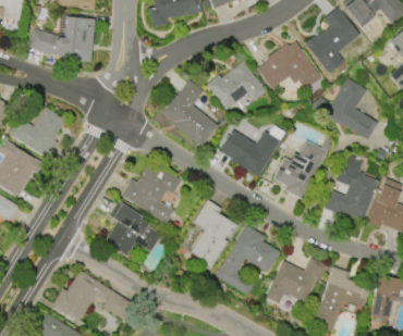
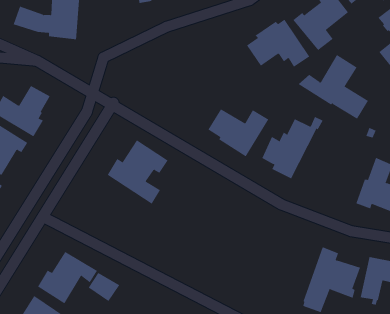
building: [206,61,266,110] -> none
building: [160,80,218,146] -> none
building: [323,155,379,221] -> none
building: [191,200,239,271] -> none
building: [103,201,161,257] -> none
building: [217,226,280,297] -> none
building: [265,258,328,304] -> none

